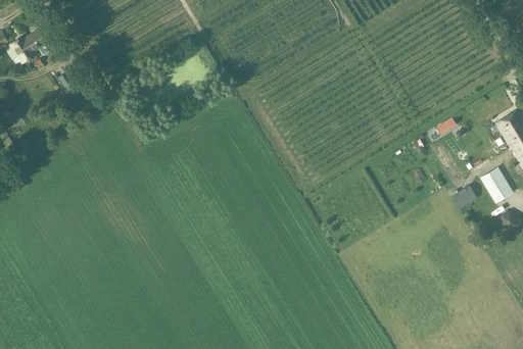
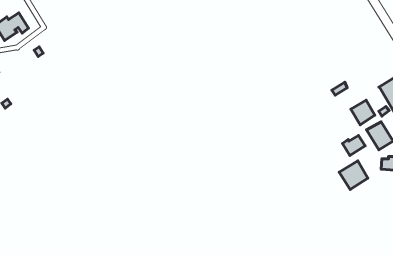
building: none -> [351,100,375,125]
building: none -> [339,161,368,190]

